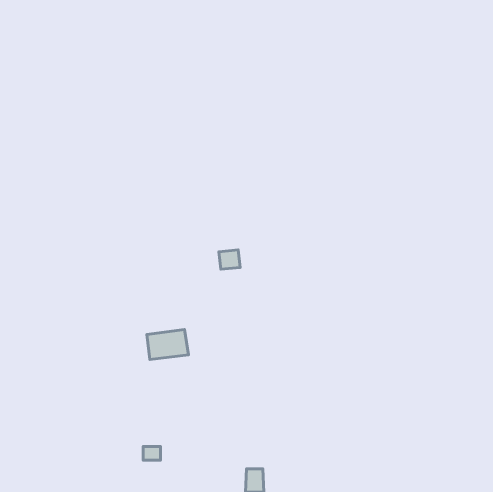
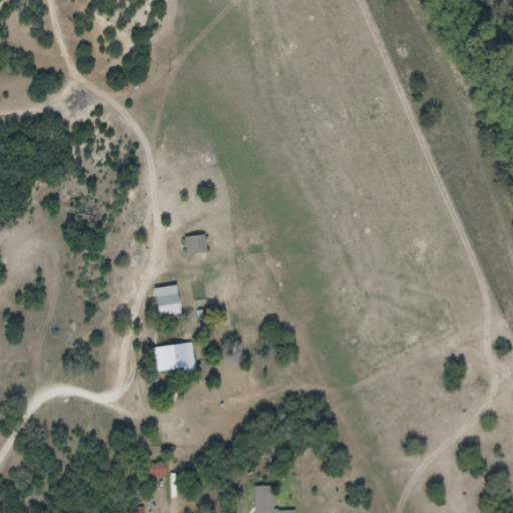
building: [219,250,240,269] -> [185,235,207,255]
building: none -> [155,286,180,316]

